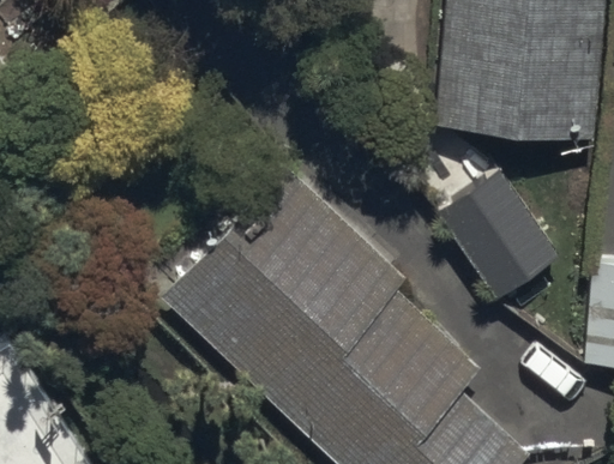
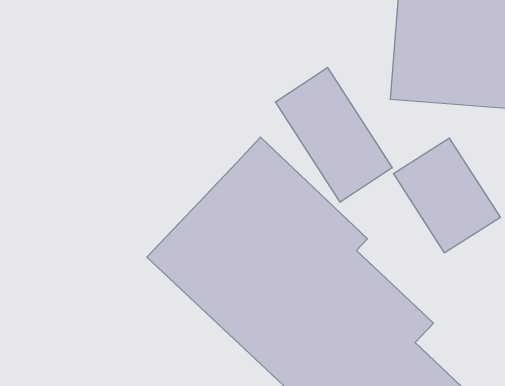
building: none -> [275,67,392,202]

